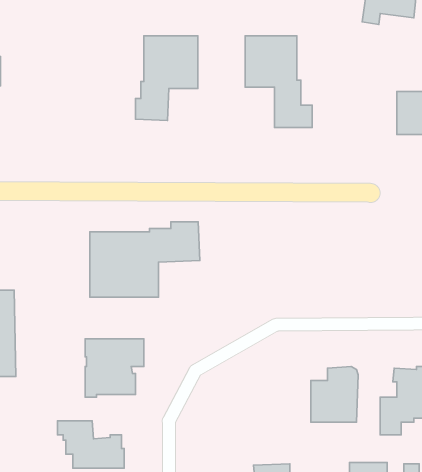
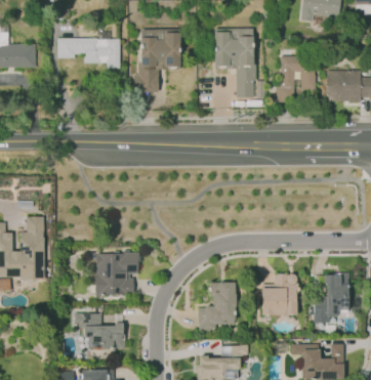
building: none -> [56,38,120,69]
building: none -> [276,57,316,103]
building: [90,222,200,297] -> none
building: none -> [198,283,235,331]

